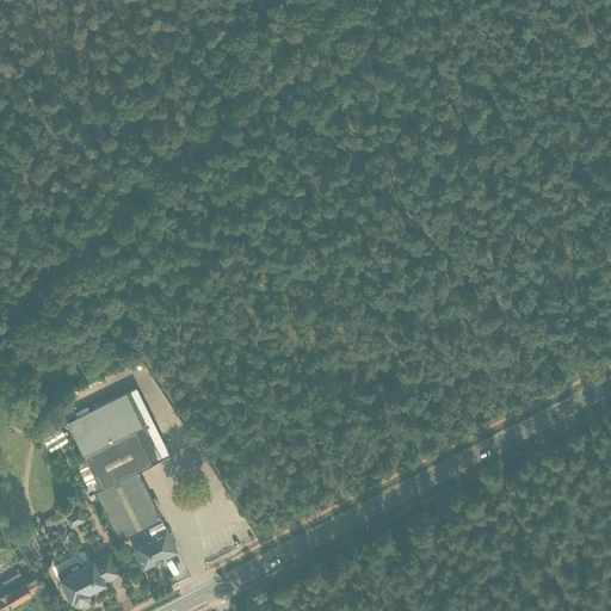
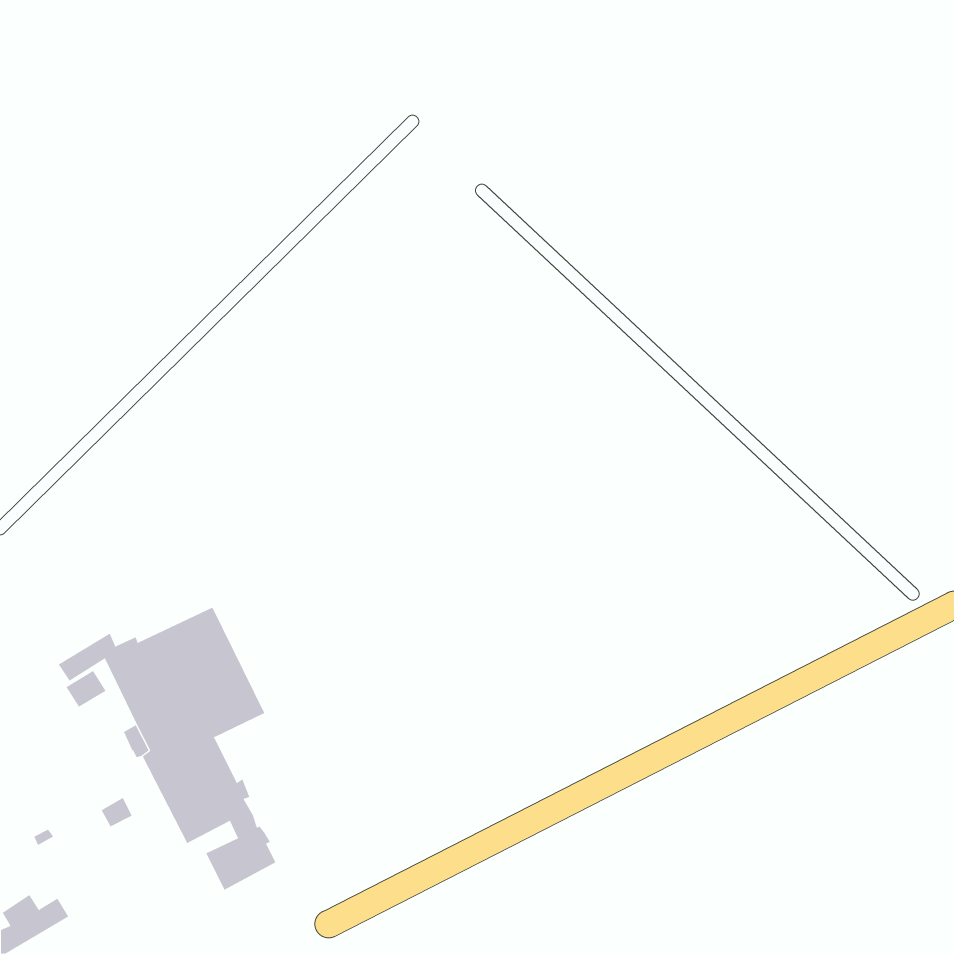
building: [57,553,119,604] -> none

